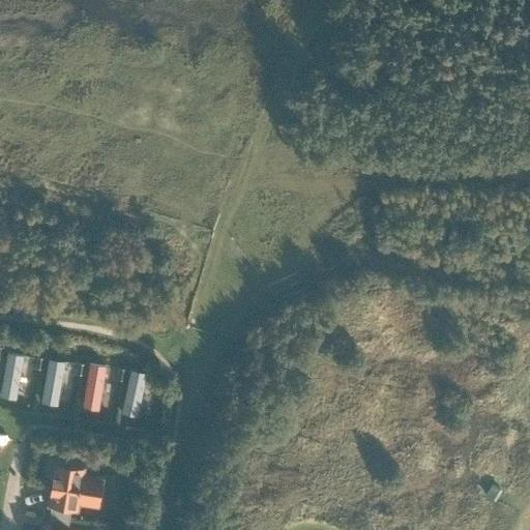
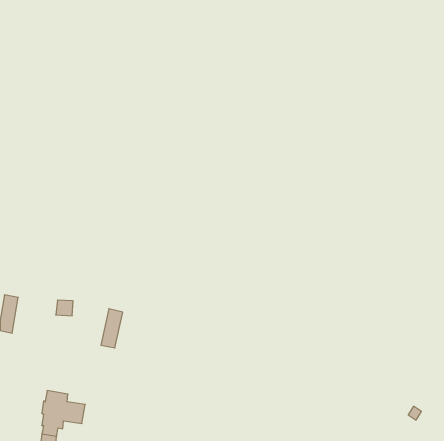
building: [40,362,64,407] -> none
building: [82,365,106,411] -> none

